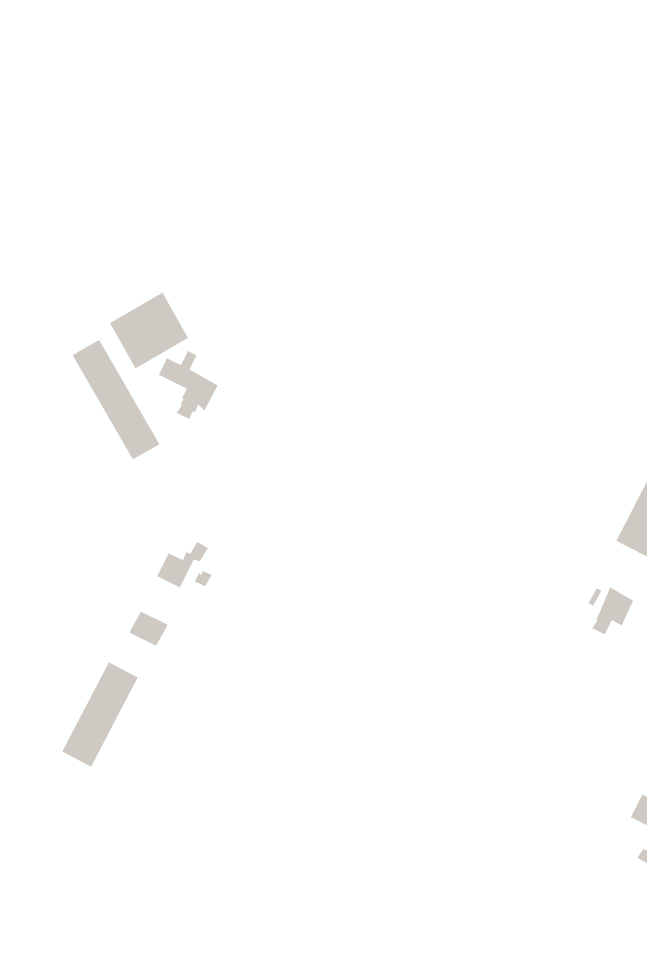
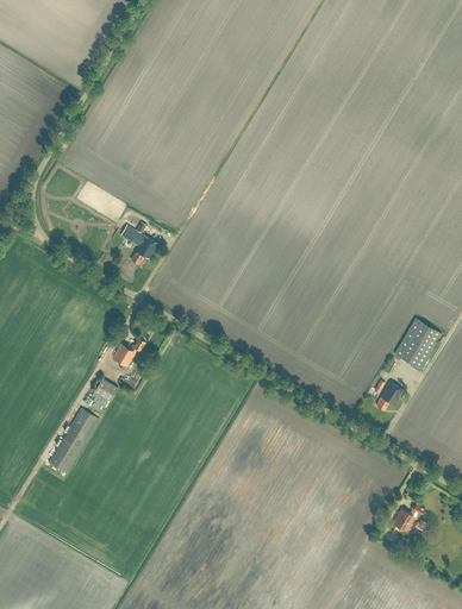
building: [109,292,189,370] -> none
building: [72,339,161,461] -> none

